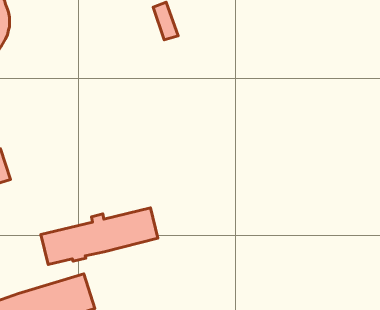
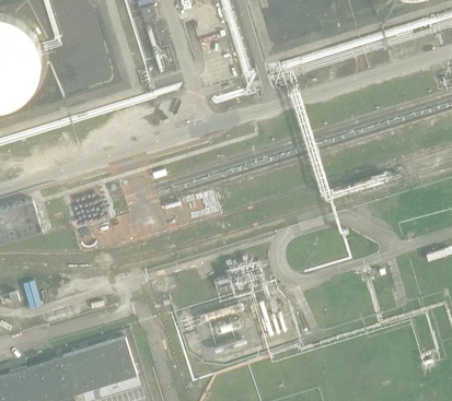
building: [41,208,158,265] -> none

